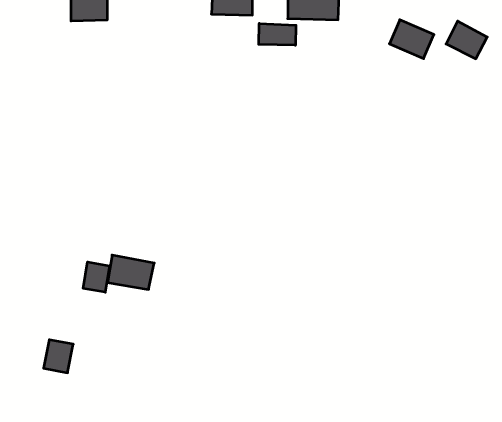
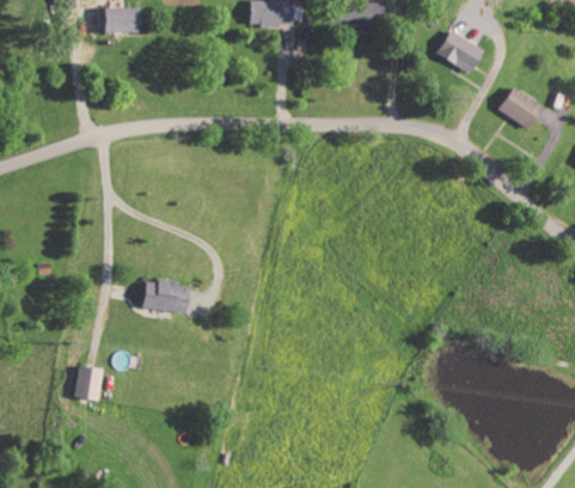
building: [446,21,487,59] -> [498,87,542,127]
building: [259,23,296,45] -> none
building: [83,262,110,292] -> none

